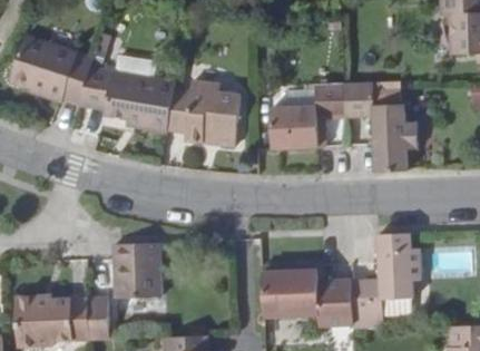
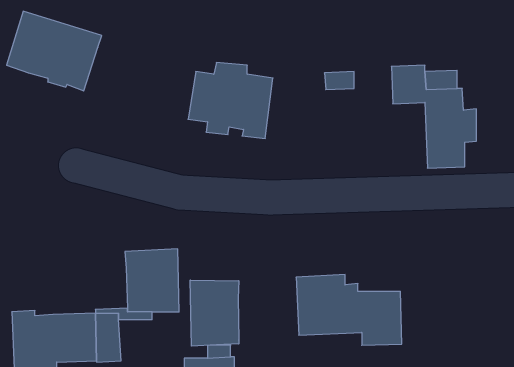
building: [77,68,175,133] -> none
building: [270,85,344,149] -> none
building: [351,234,421,331] -> none
building: none -> [190,280,239,346]

